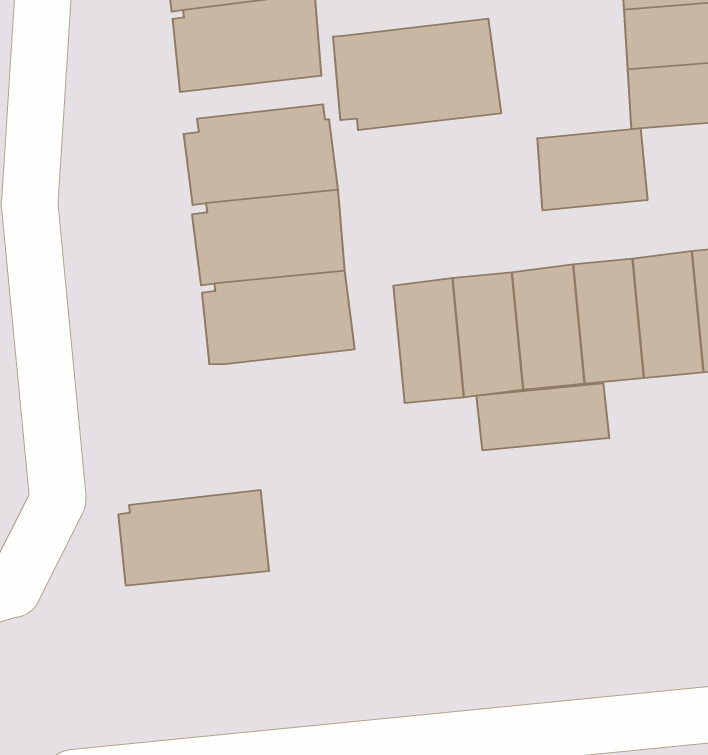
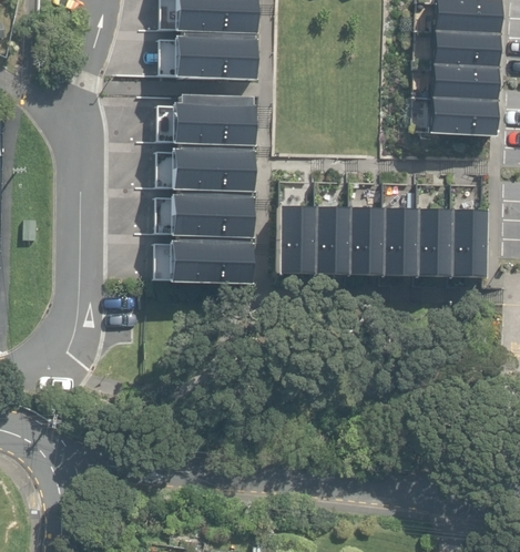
building: [333,19,501,130] -> none
building: [537,128,647,210] -> none
building: [476,383,609,450] -> none
building: [118,490,269,585] -> [169,237,253,285]

